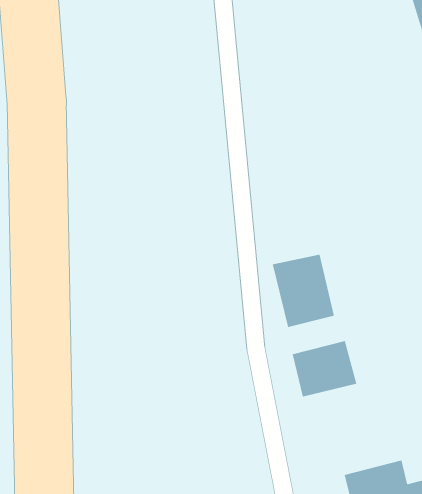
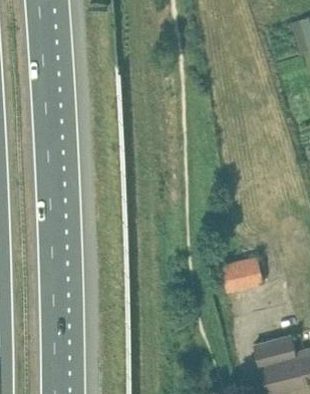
building: [272,254,335,328] -> none

